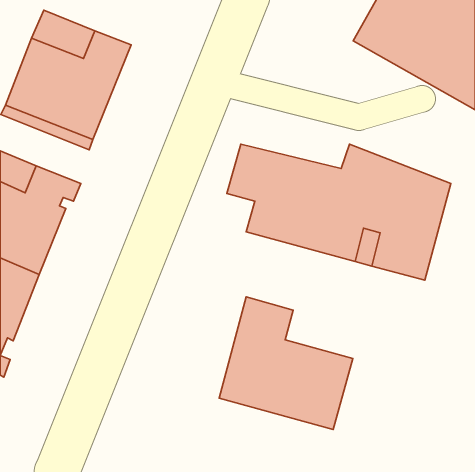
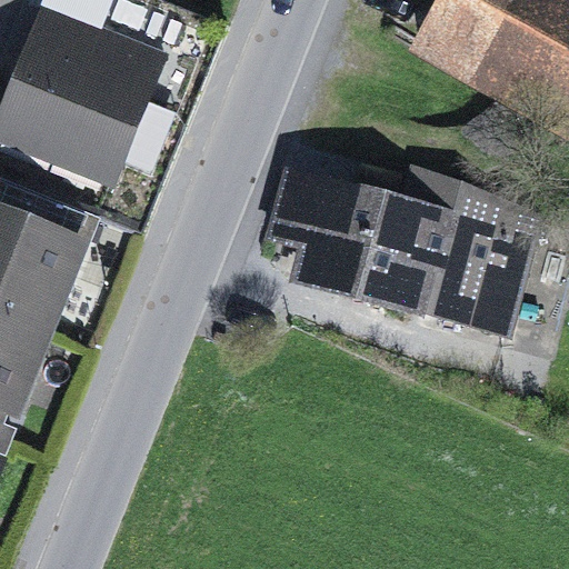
building: [219,297,353,430] -> none

